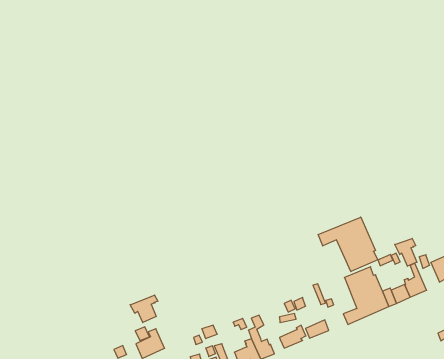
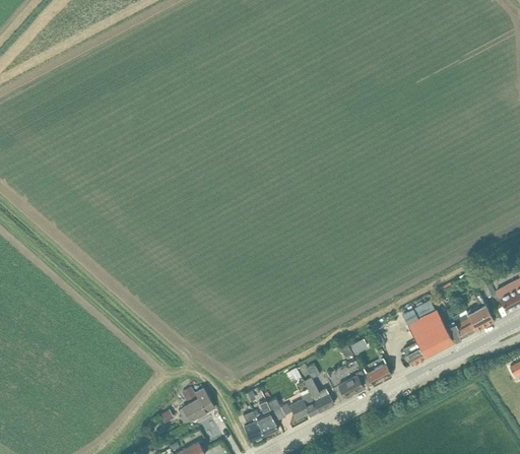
building: [318,217,378,272] -> none
building: [395,238,417,266] -> none
building: [130,295,158,323] -> none

